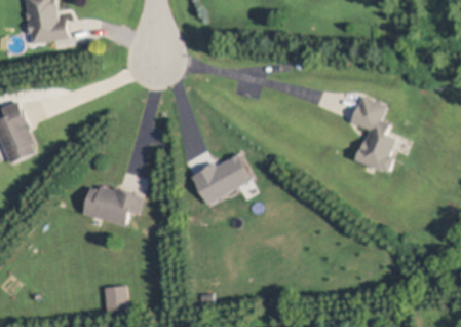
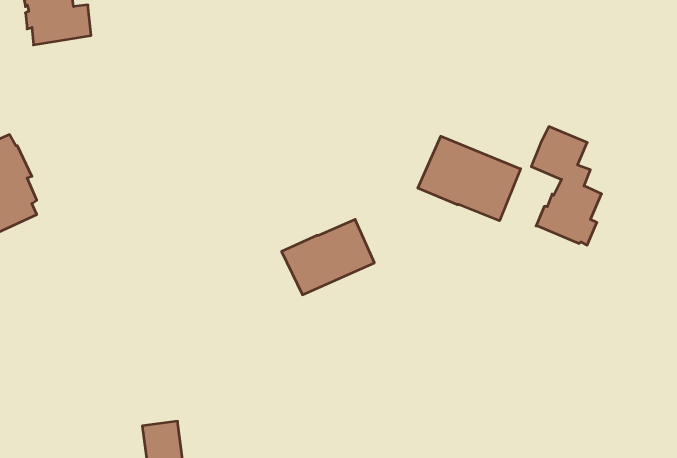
building: none -> [418,136,521,221]
building: [82,186,143,225] -> none

